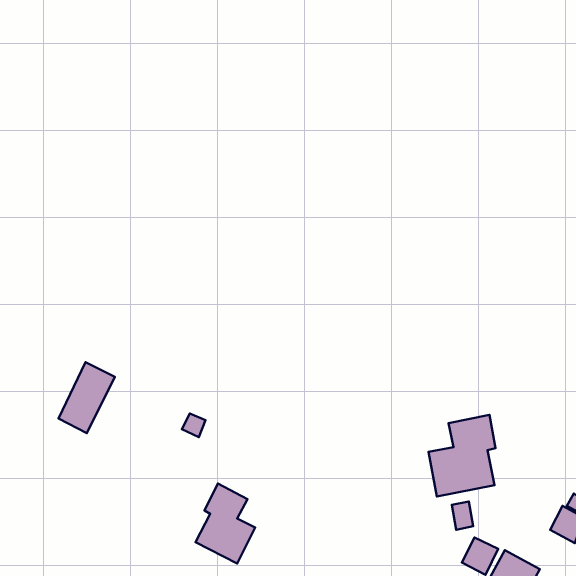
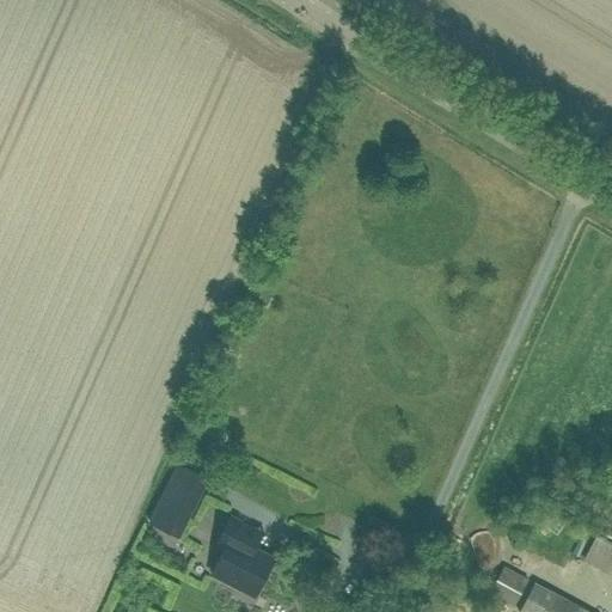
building: [59,362,115,433] -> [151,465,210,540]
building: [429,415,496,496] -> none

